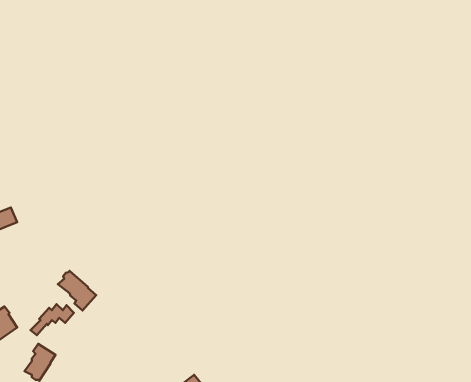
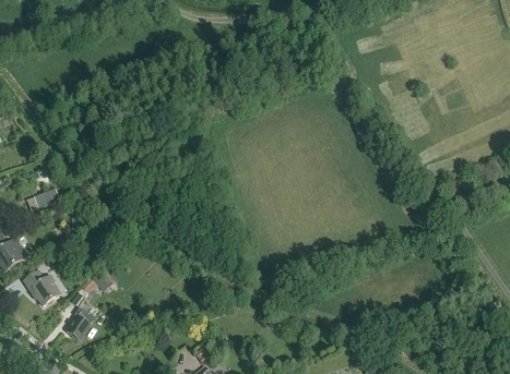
building: [58,271,96,311] -> none

